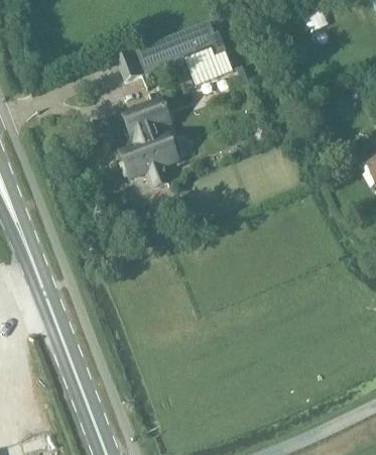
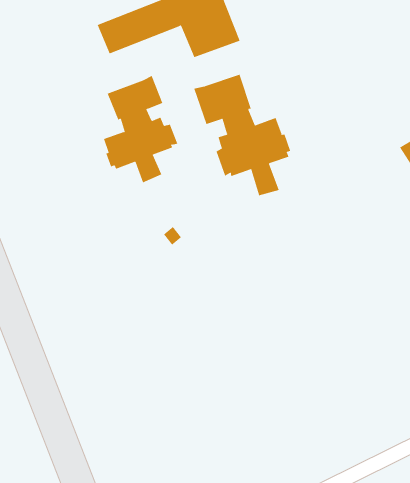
building: none -> [194,74,291,196]

